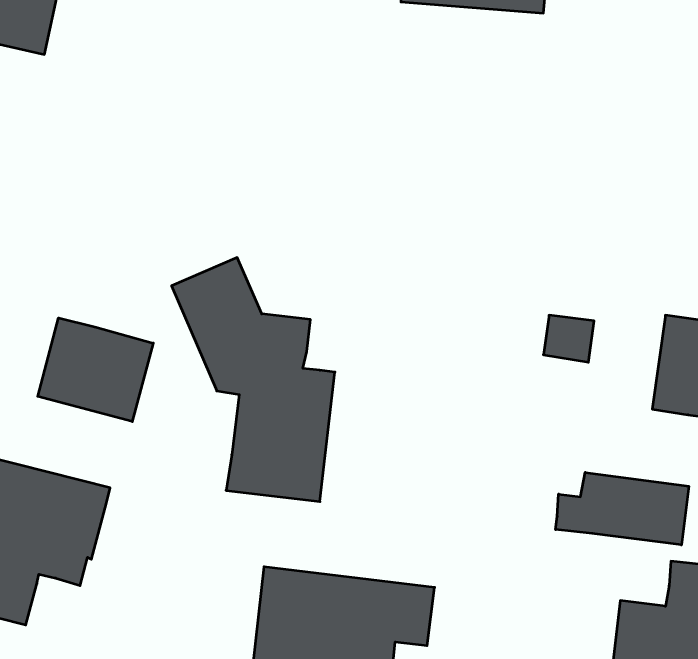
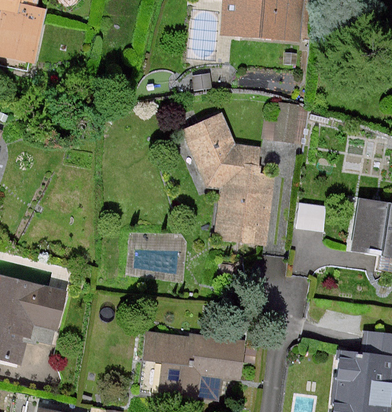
building: [172,258,335,502] -> [185,114,272,244]
building: [38,318,153,422] -> none
building: [556,472,689,545] -> none

